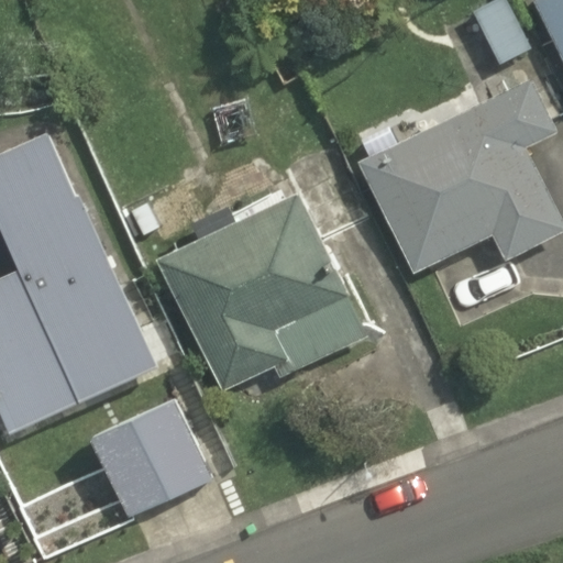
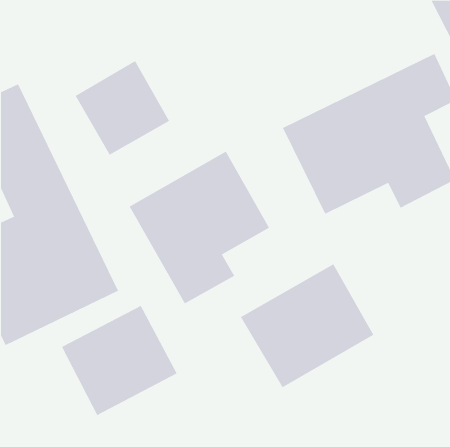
building: none -> [75,60,170,156]
building: none -> [240,263,374,388]

